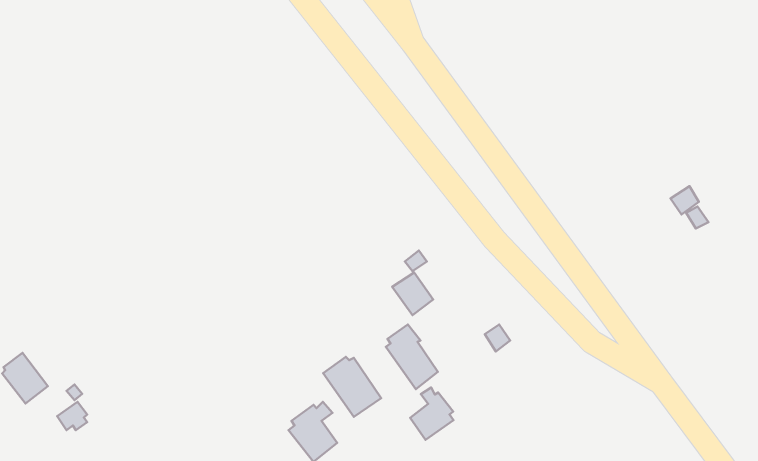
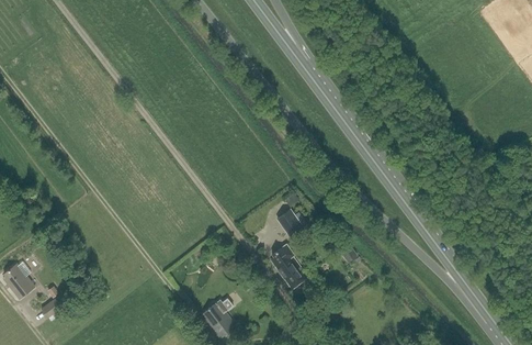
building: [323,357,381,417] -> none
building: [410,387,454,440] -> none

